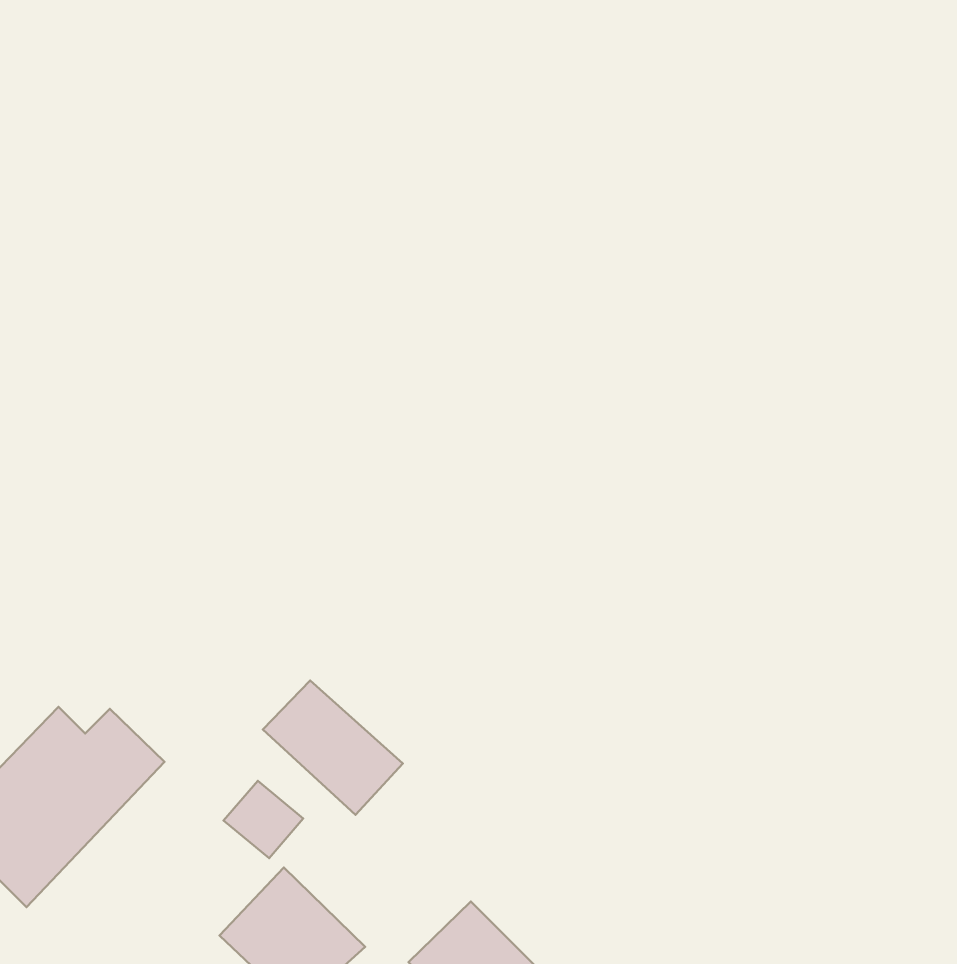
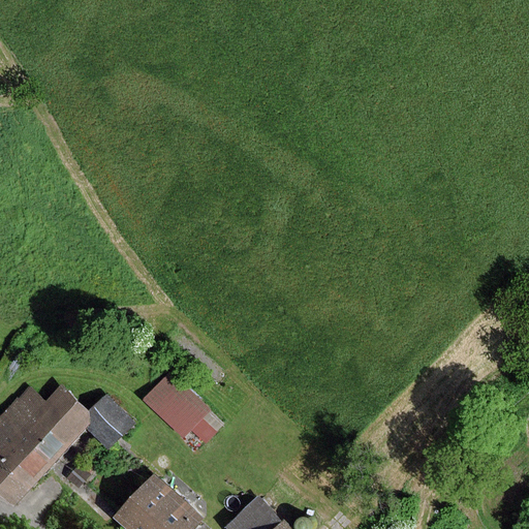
building: [224,781,303,858] -> [87,403,130,445]

